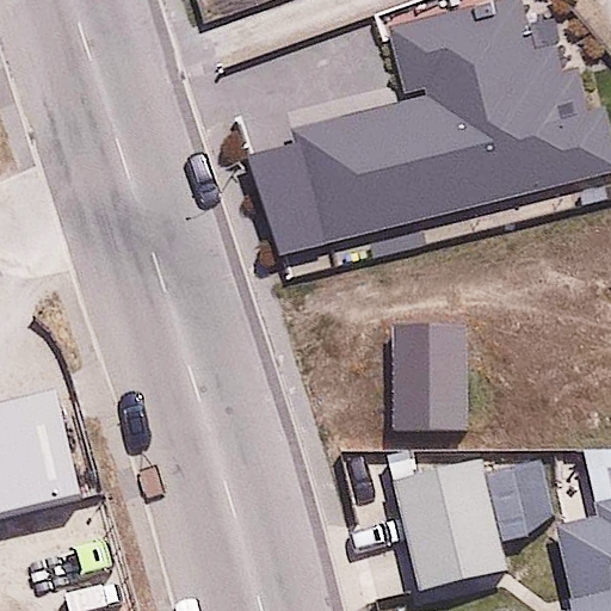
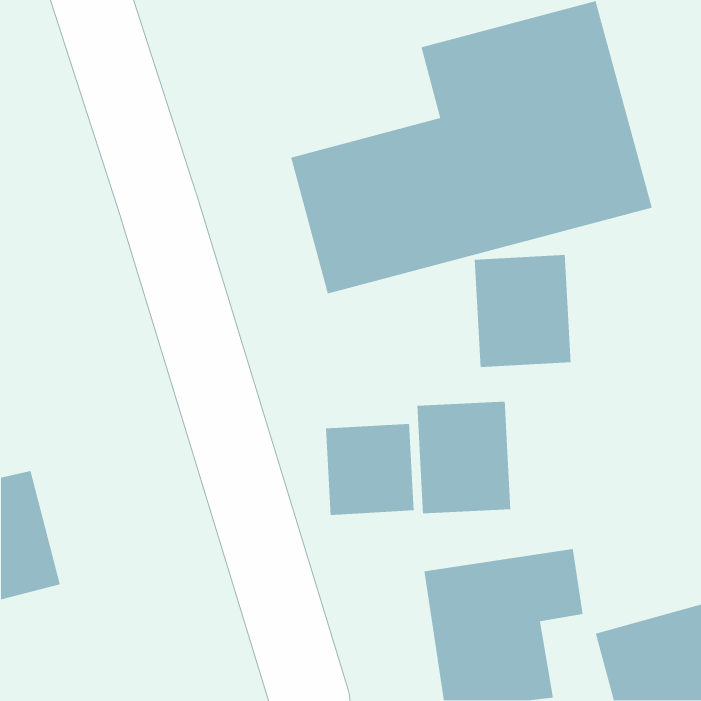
building: none -> [474,254,571,368]
building: none -> [325,423,414,516]

